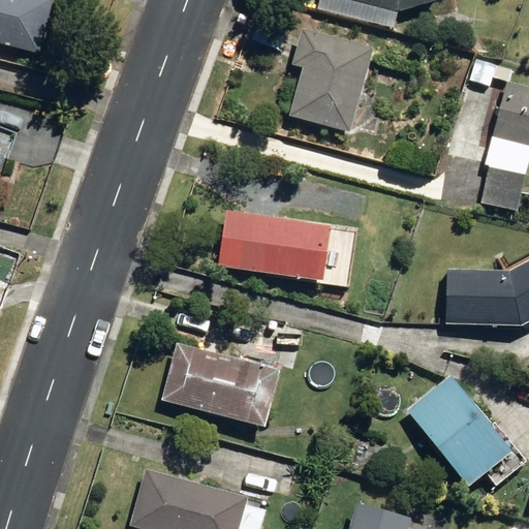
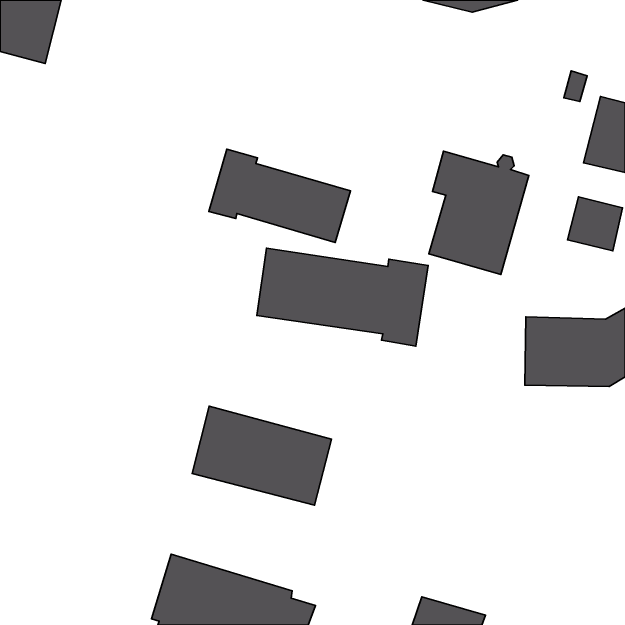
building: [289,29,374,133] -> [429,151,529,275]
building: none -> [209,149,350,243]
building: [408,376,512,488] -> none

